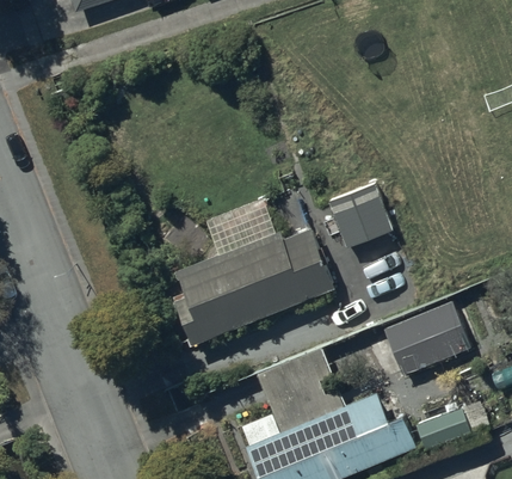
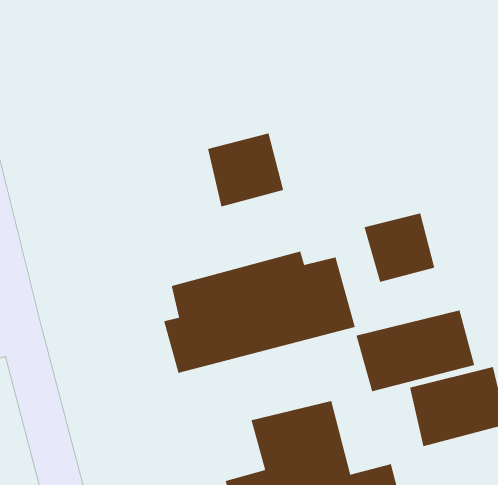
building: none -> [207,133,284,208]
building: none -> [355,309,475,392]

